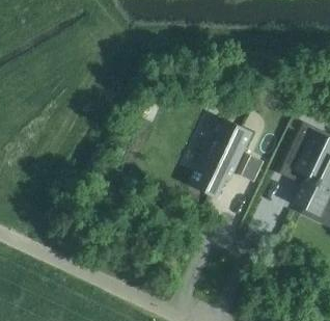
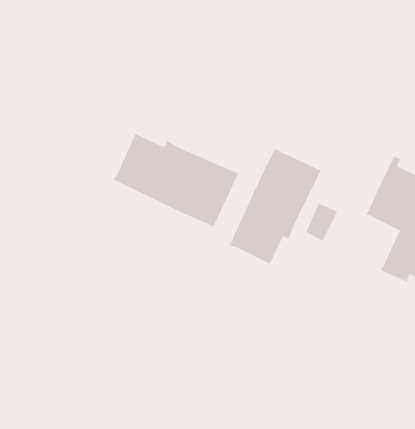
building: none -> [113,133,239,227]

